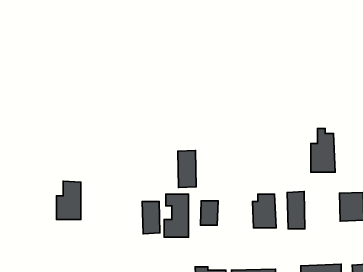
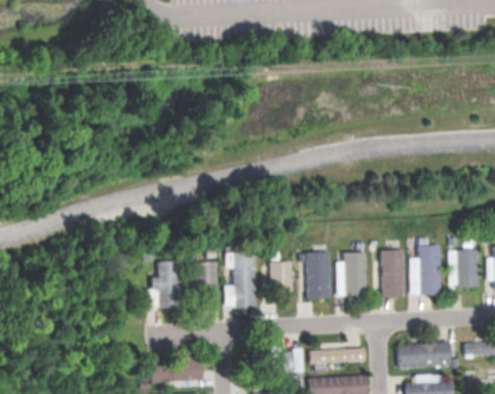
building: [311,128,335,172] -> [410,238,442,294]
building: [178,150,196,188] -> [306,251,330,298]
building: [56,181,81,219] -> [149,258,180,307]

